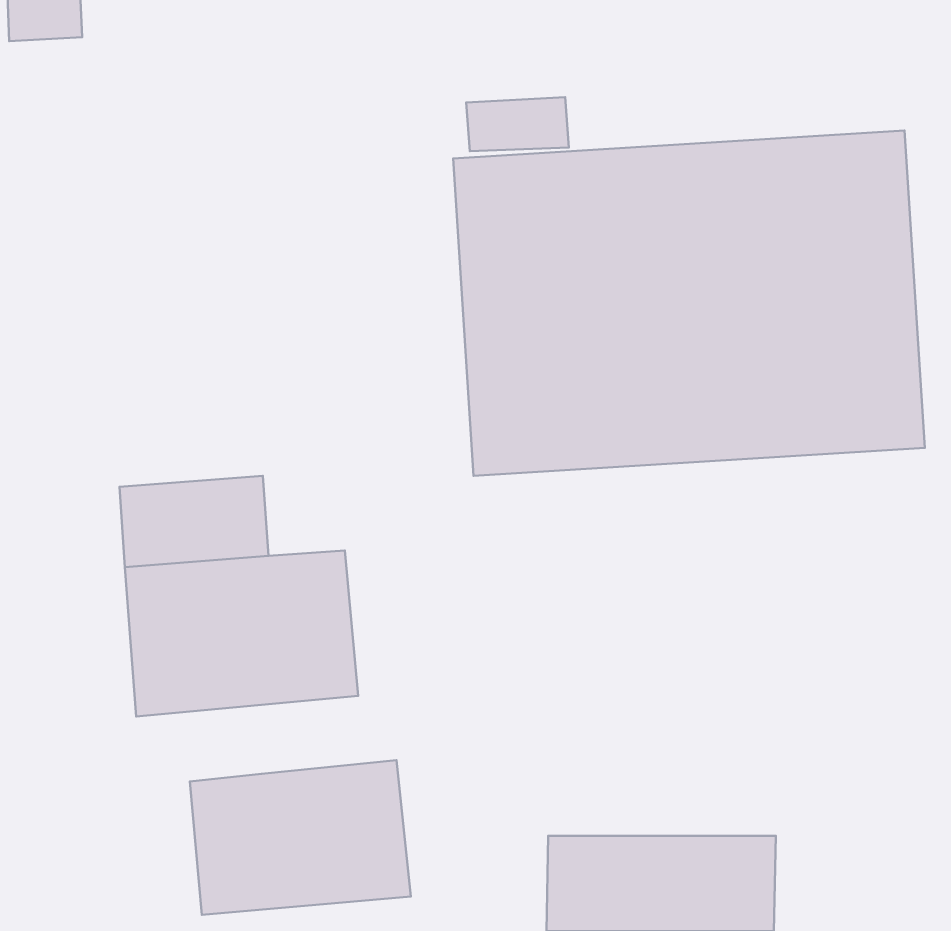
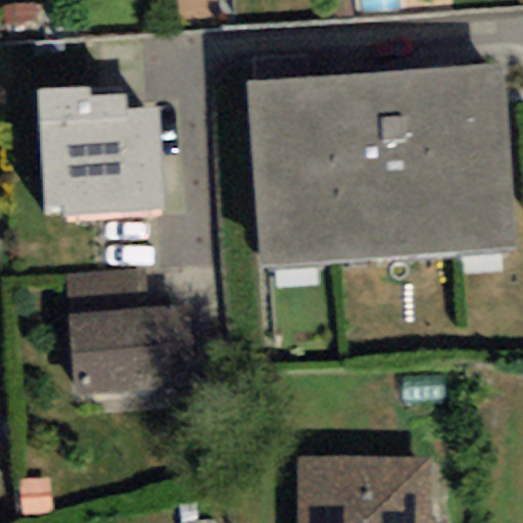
building: none -> [35,87,161,220]
building: [190,760,411,915] -> none

